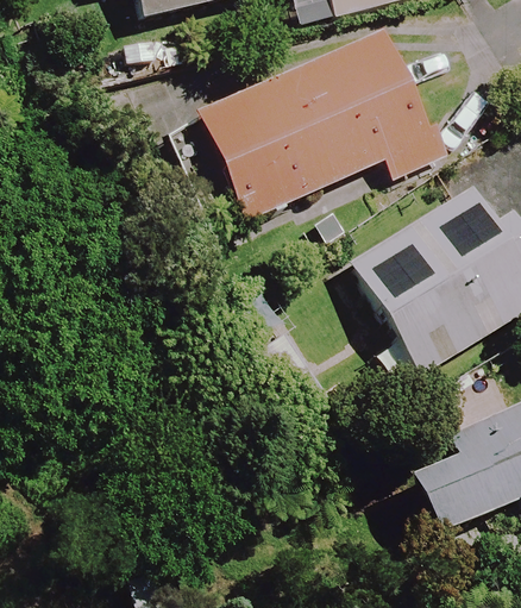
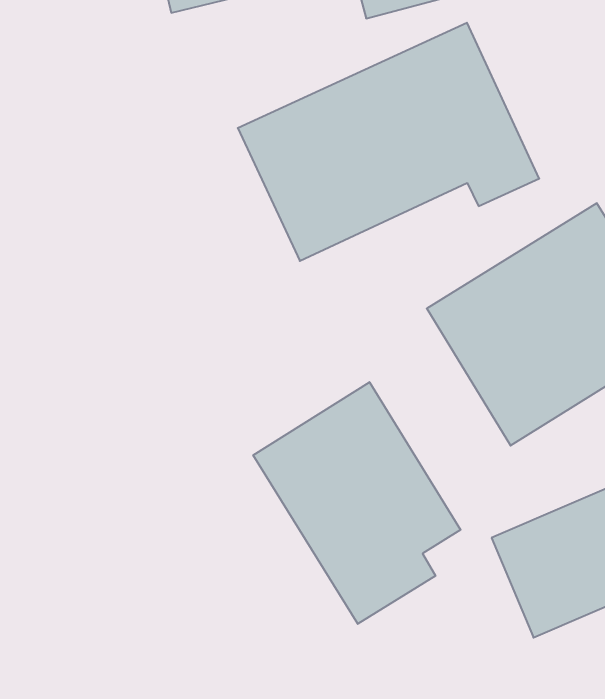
building: none -> [253,382,461,624]

